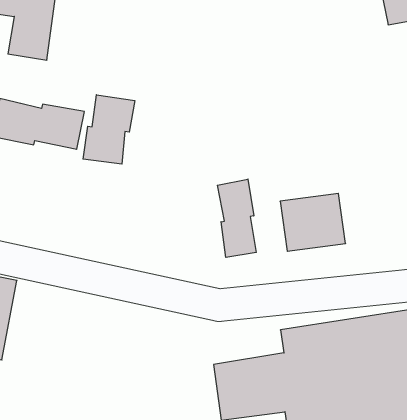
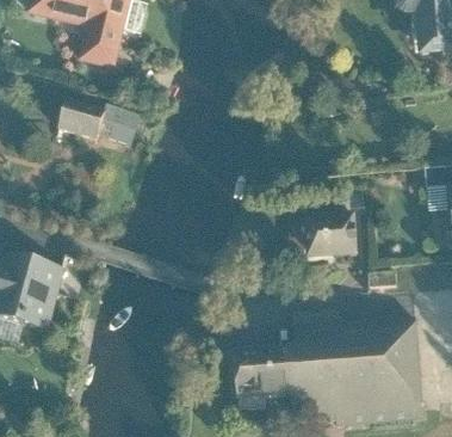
building: [83,95,135,164] -> none
building: [217,179,256,257] -> none

